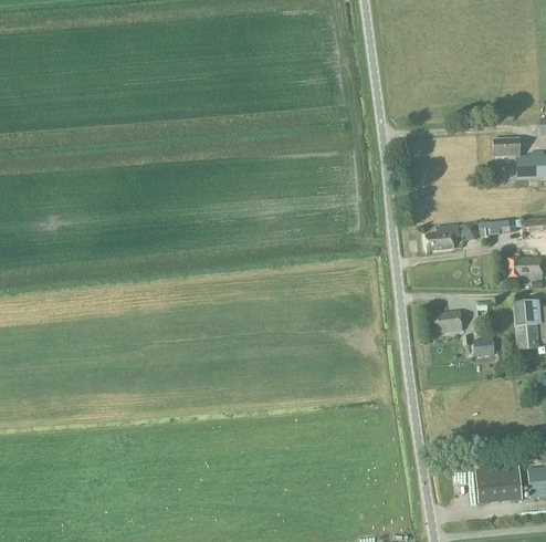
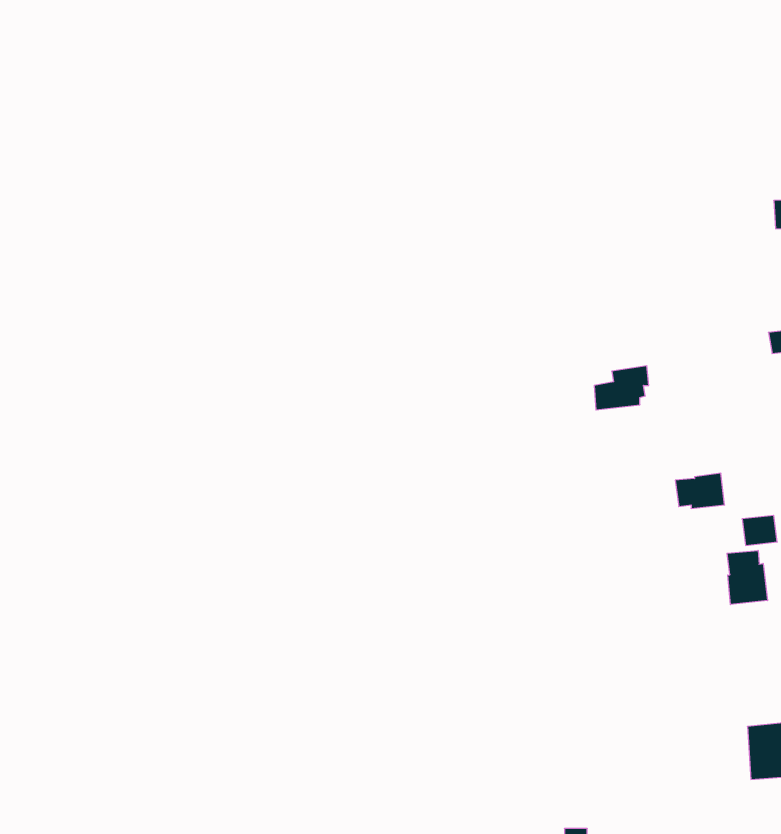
building: [427,222,461,250] -> [594,366,649,410]
building: none -> [727,550,768,605]

